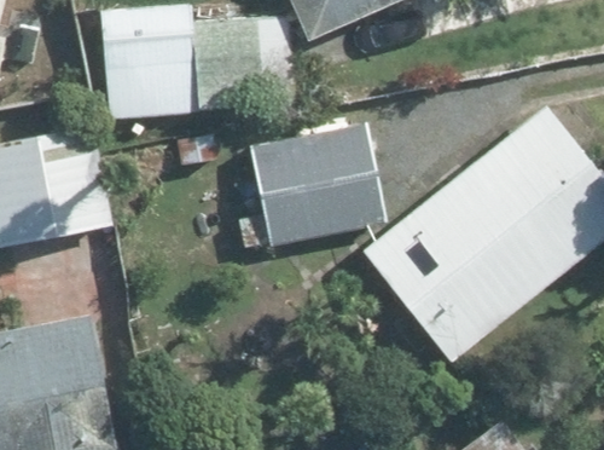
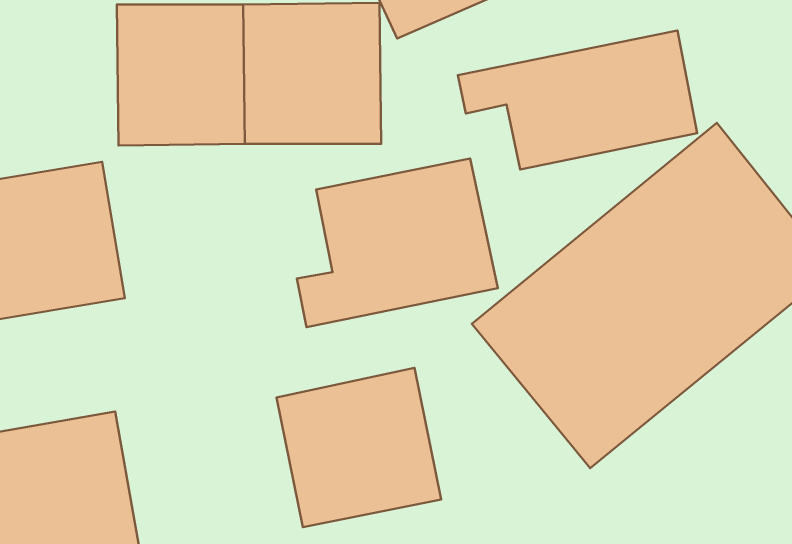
building: none -> [458,31,697,169]
building: none -> [276,368,441,527]

